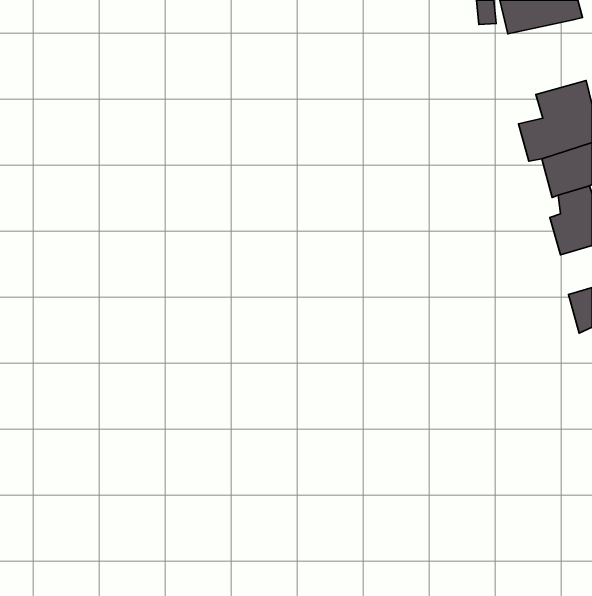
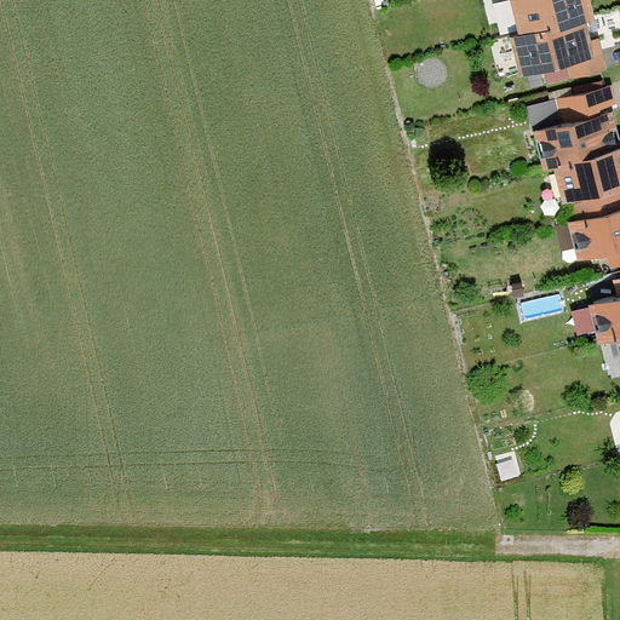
building: none -> [517,22,603,76]

